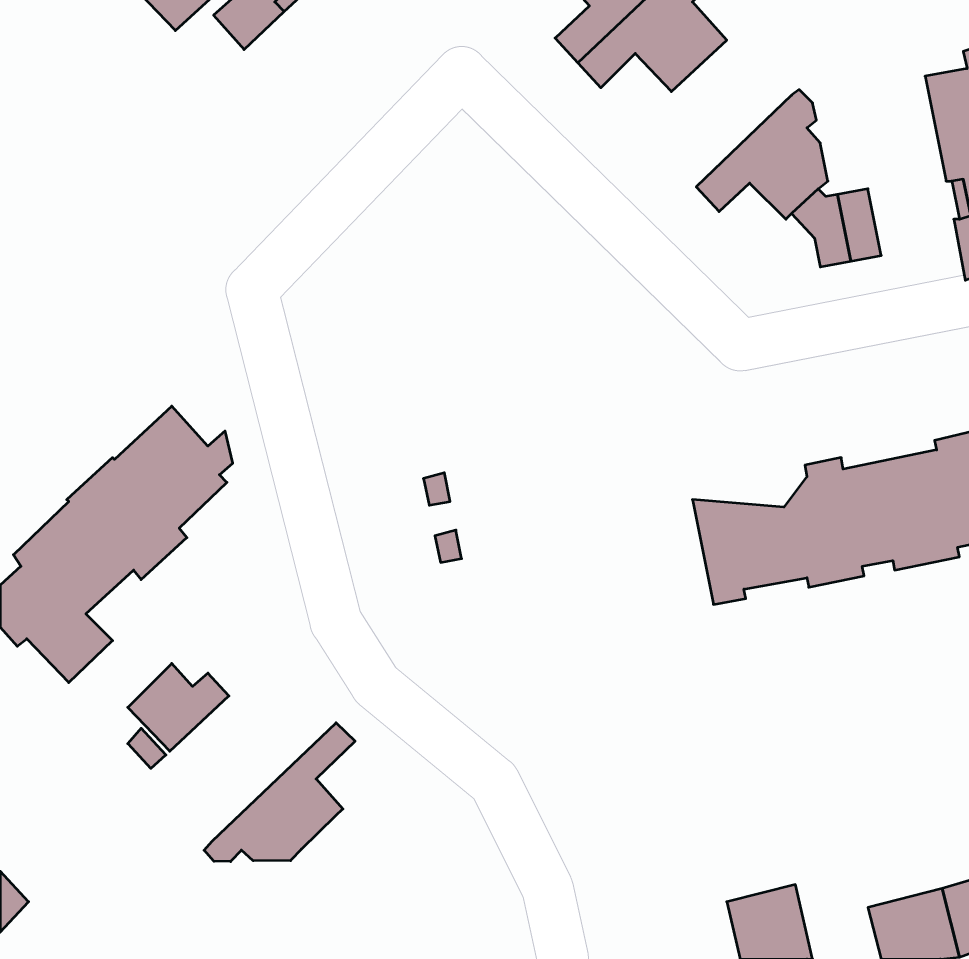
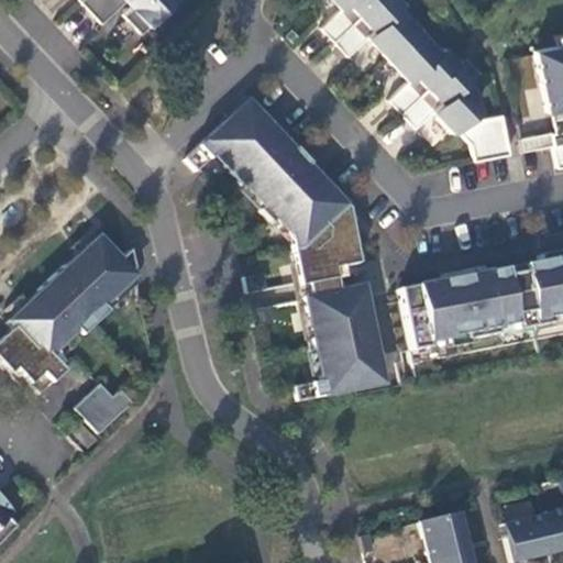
building: none -> [390,23,460,108]
building: none -> [188,109,363,285]
building: none -> [297,288,384,400]
building: [204,723,355,862] -> none

